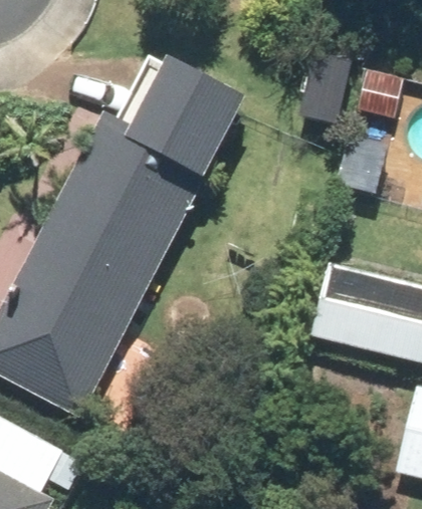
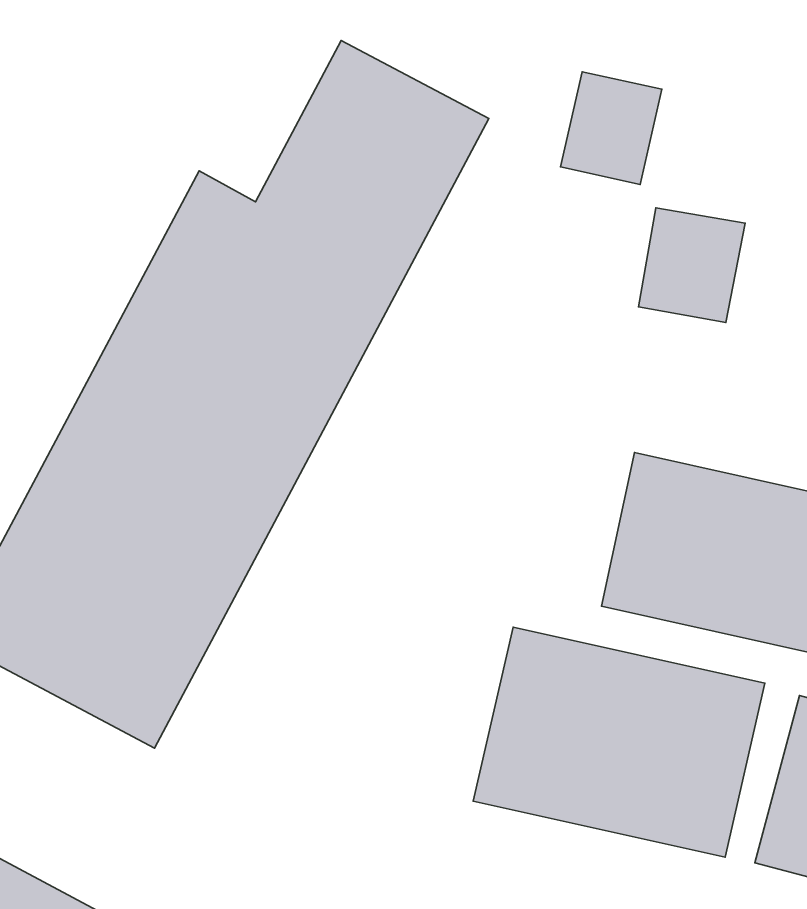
building: none -> [473,627,765,857]

